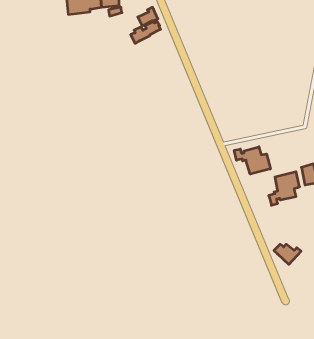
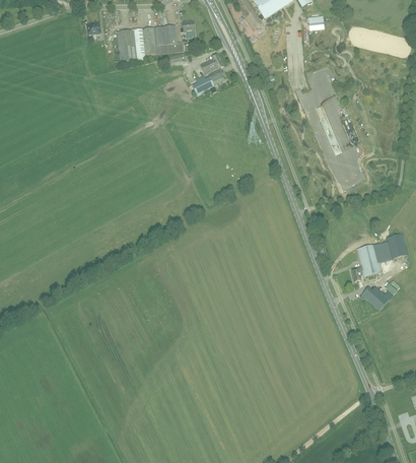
building: [234,147,270,174] -> none
building: [274,244,301,264] -> [361,286,393,310]

